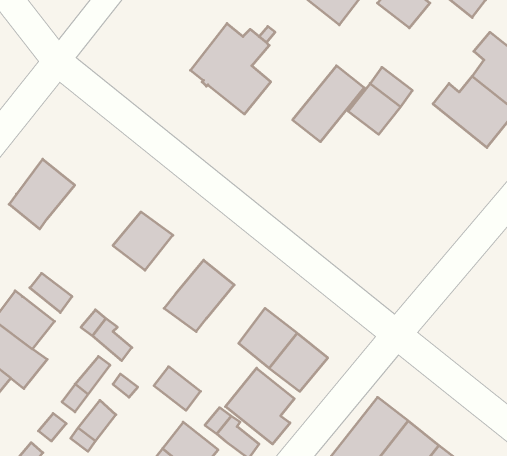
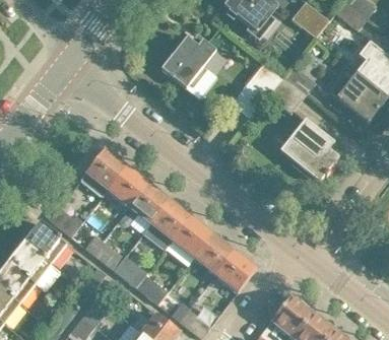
building: none -> [279,118,338,181]
building: [9,159,75,229] -> [80,147,126,196]
building: none -> [129,182,170,222]
building: none -> [172,216,212,257]
building: none -> [113,255,146,286]
building: [225,368,294,444] -> none

